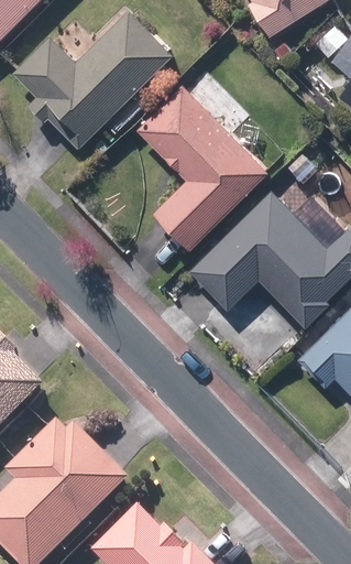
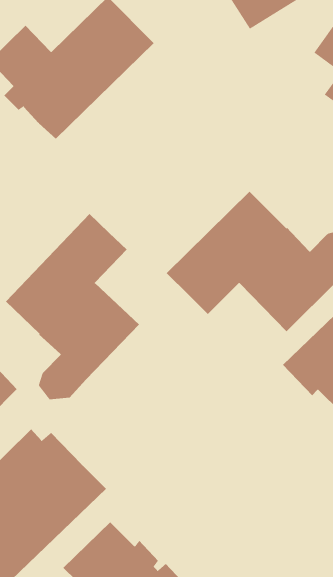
building: [134,88,264,250] -> none
building: none -> [5,213,140,400]

